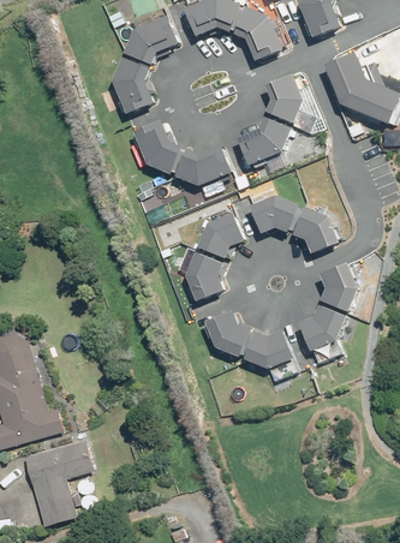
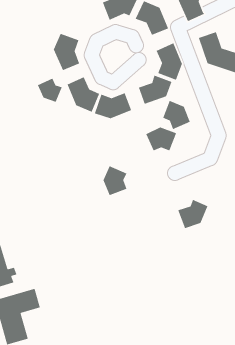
building: [124,16,177,61] -> none
building: none -> [37,78,63,103]
building: [294,208,338,253] -> [162,100,191,130]
building: [199,213,244,257] -> none
building: [320,264,357,310] -> none
building: [203,314,246,358] -> none
building: [241,332,293,369] -> none

